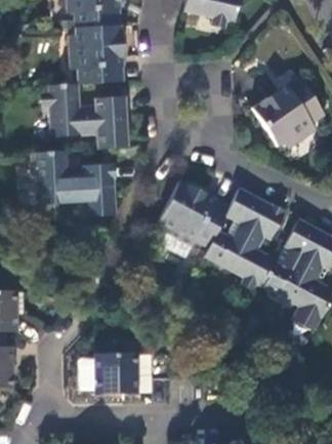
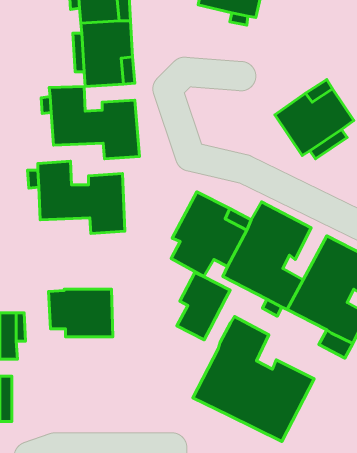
building: none -> [177,273,230,340]
building: none -> [193,317,314,441]
building: [79,353,137,396] -> [48,289,113,337]

